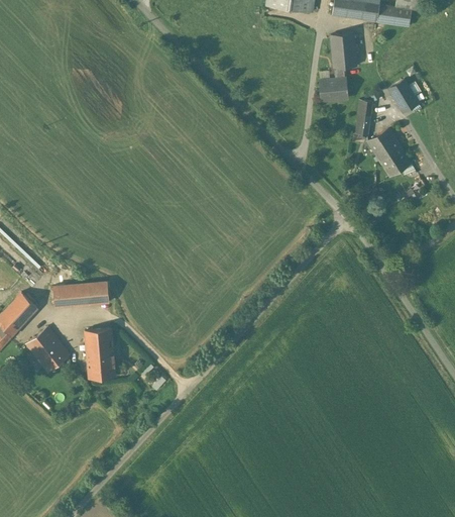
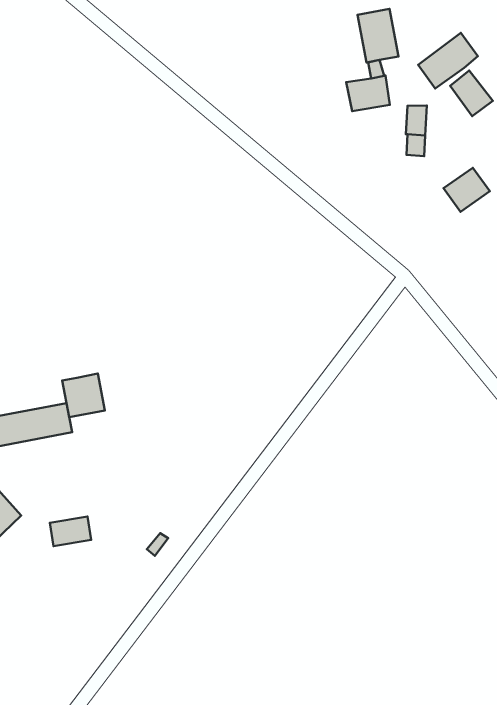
building: [367,123,409,160] -> [418,33,478,88]
building: none -> [62,374,105,417]
building: [84,328,113,363] -> none

